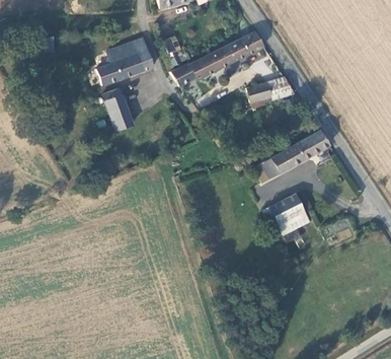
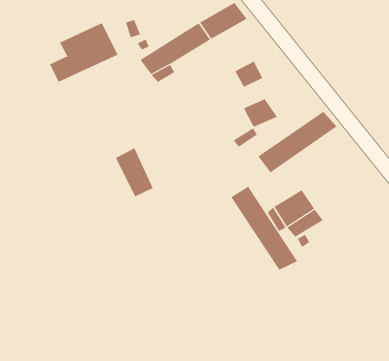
building: [266,77,295,100] -> [243,99,278,128]
building: [102,88,132,130] -> [115,147,153,197]
building: none -> [230,186,298,270]

